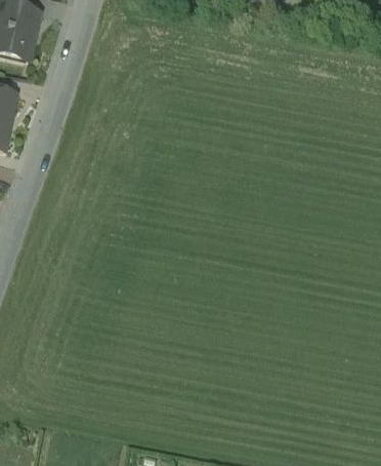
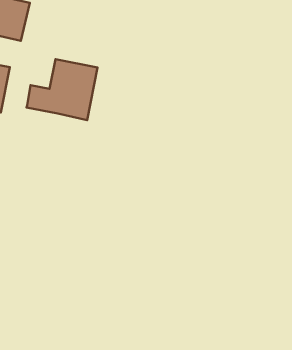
building: none -> [26,59,98,120]

